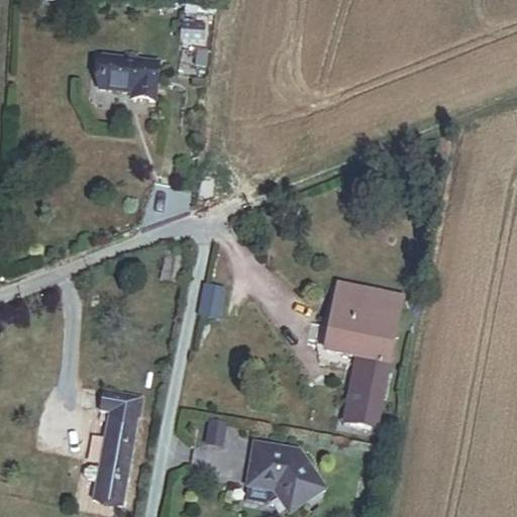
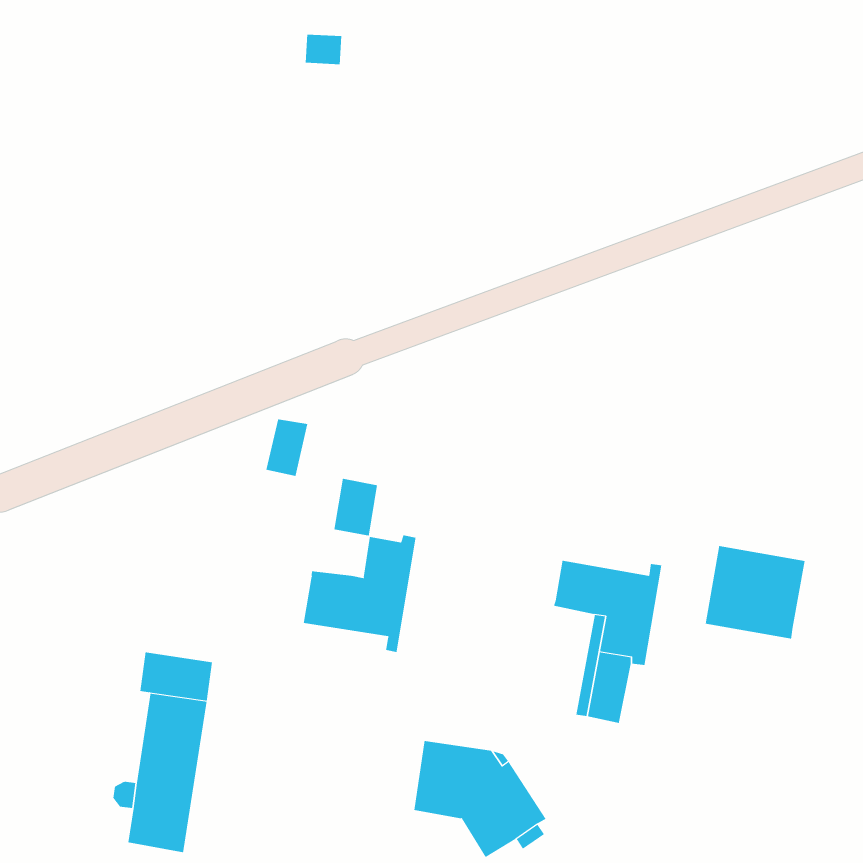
building: [96,56,156,99] -> none
building: [337,286,397,341] -> [705,545,805,639]
building: none -> [303,534,416,653]

